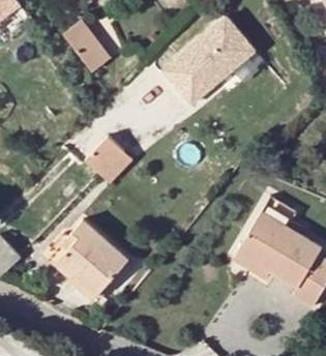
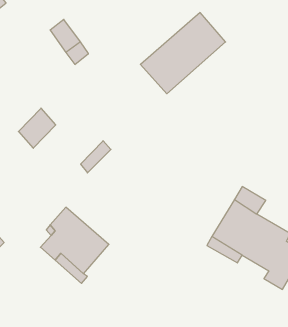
building: [84,132,123,175] -> [18,108,56,148]

